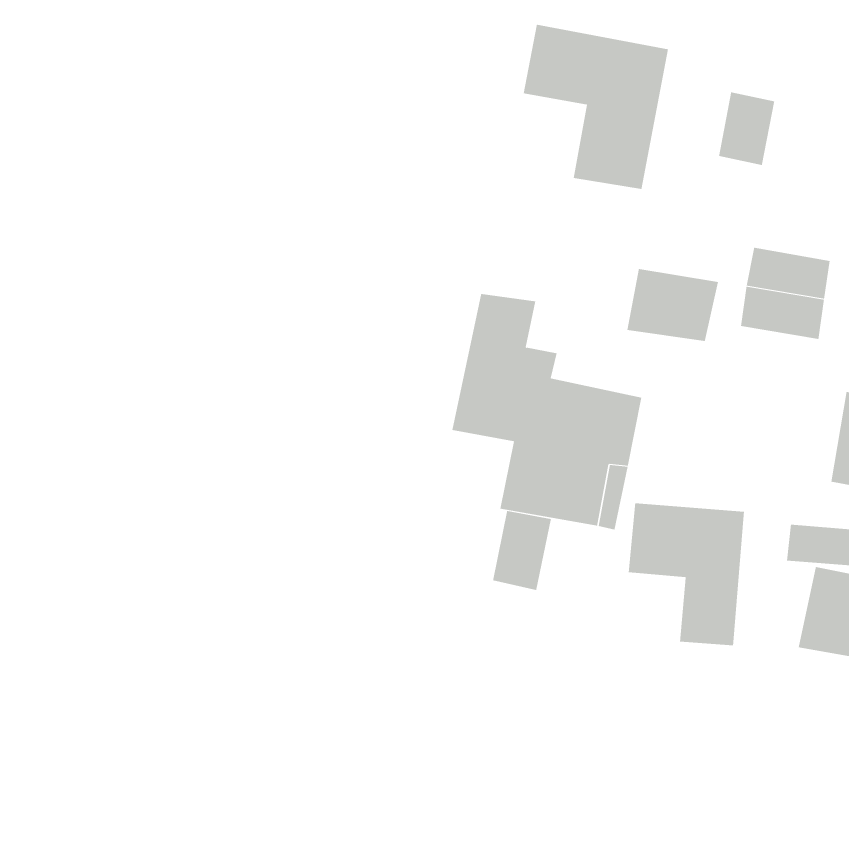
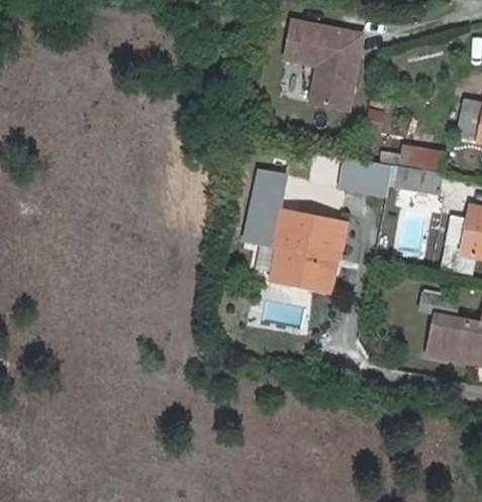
building: [718,91,775,166] -> none
building: [628,503,745,646] -> none
building: [492,510,552,591] -> none

